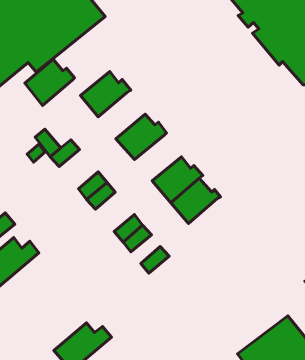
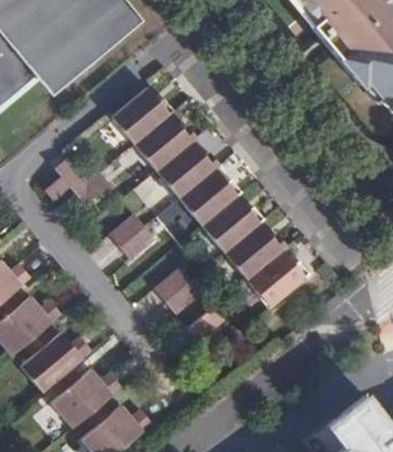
building: [25,59,74,106] -> [134,119,196,176]
building: none -> [179,172,242,228]
building: none -> [247,250,308,307]
building: none -> [18,333,89,393]
building: none -> [48,368,120,428]

